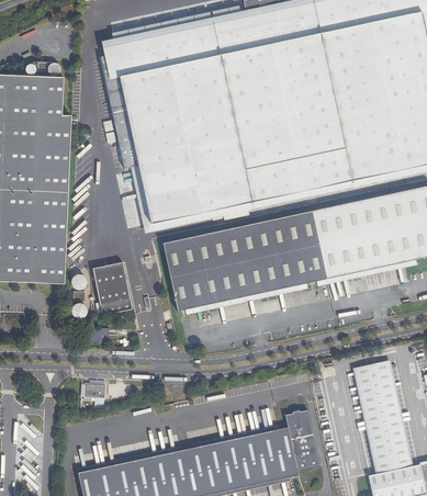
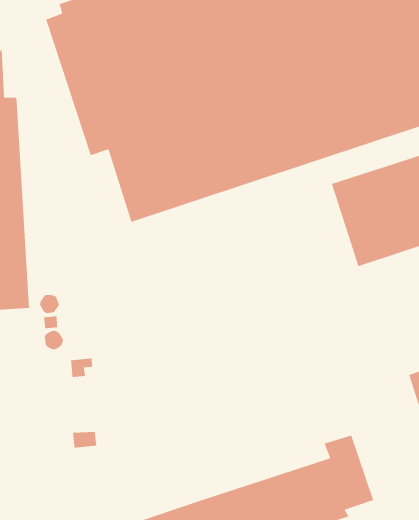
building: [164,210,327,308] -> none
building: [93,261,133,315] -> none

